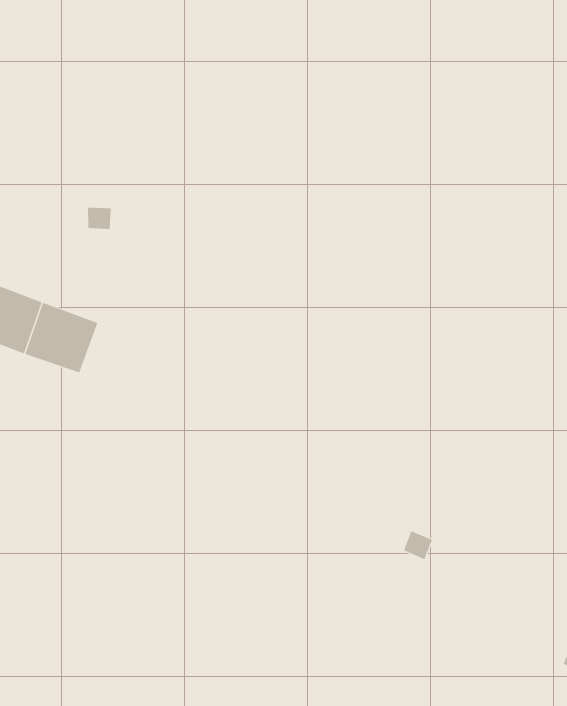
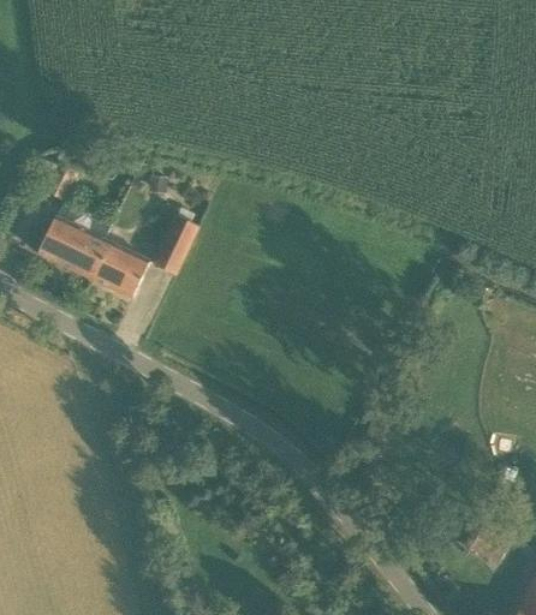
building: none -> [150,215,197,275]

